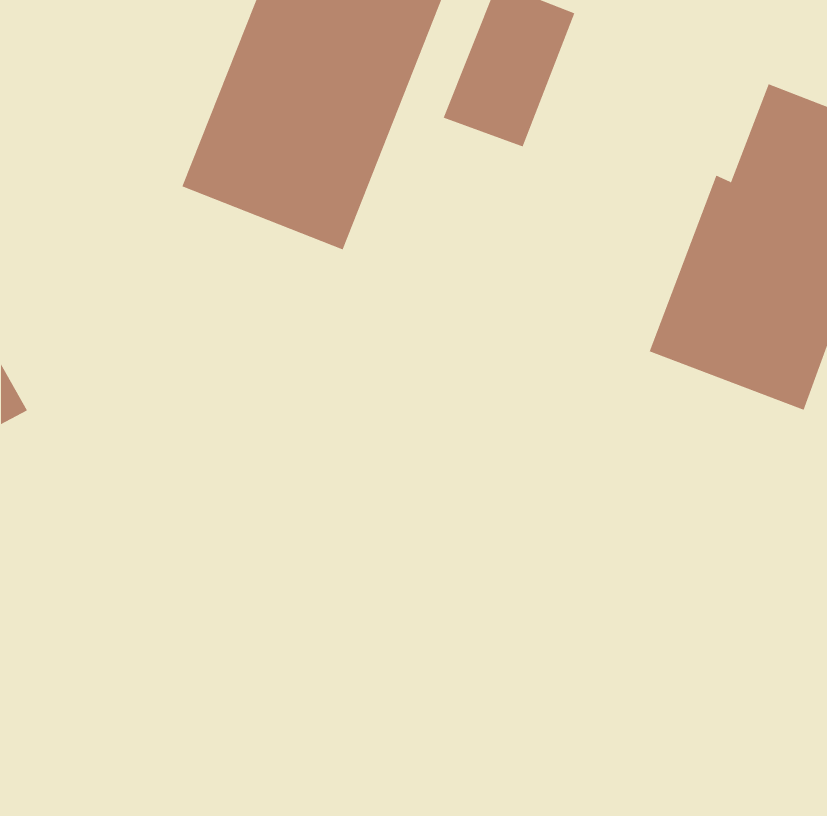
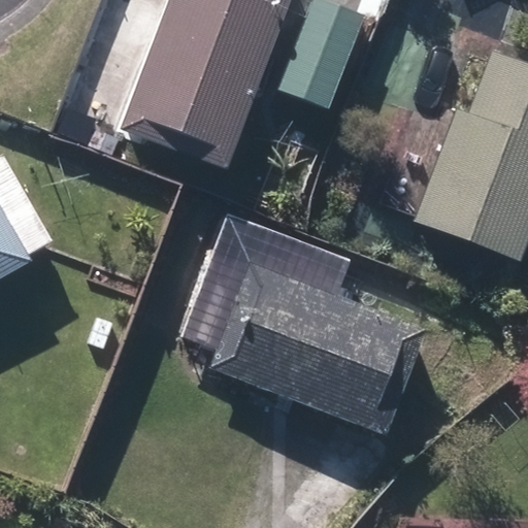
building: none -> [208,259,417,430]

